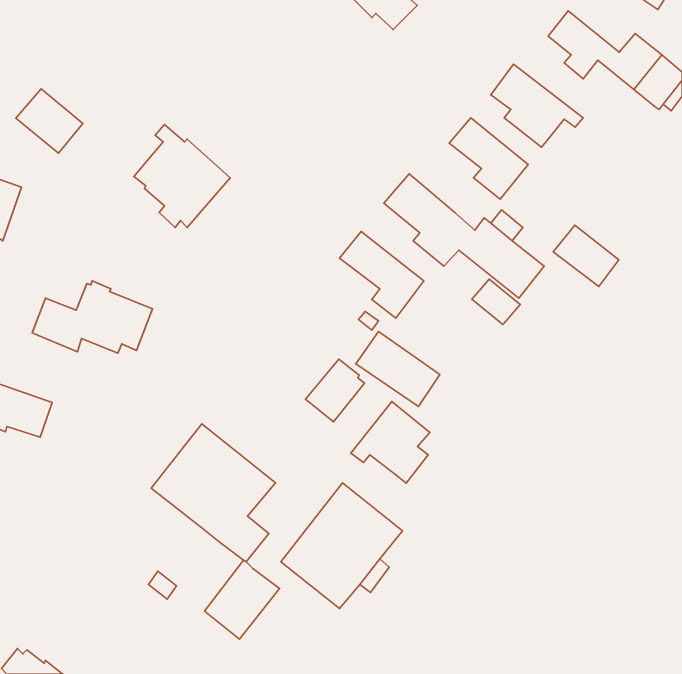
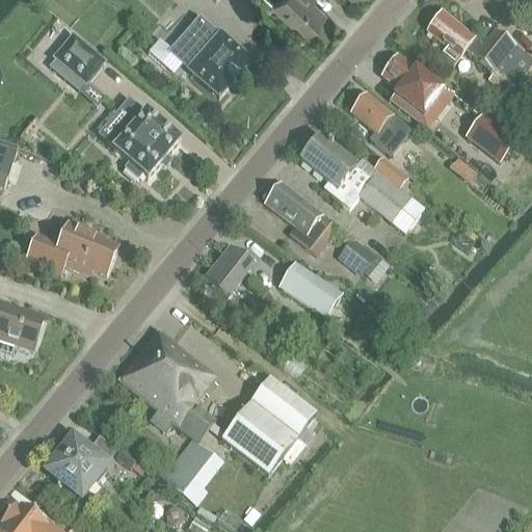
building: none -> [168,16,251,96]
building: [16,89,83,153] -> [52,32,104,82]
building: [553,225,619,287] -> [464,112,515,160]
building: [472,279,520,325] -> [338,235,375,270]
building: [306,359,364,422] -> [203,246,248,295]
building: [351,402,430,483] -> none
building: none -> [46,433,116,497]

